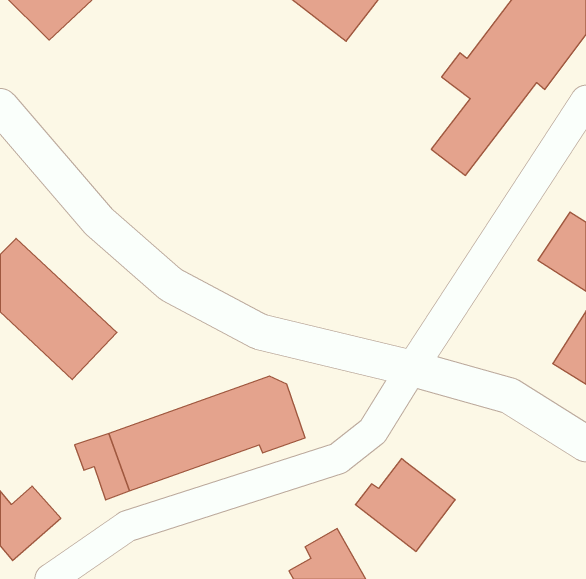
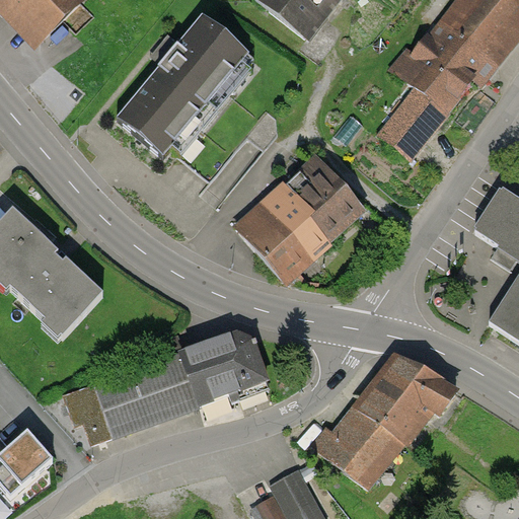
building: none -> [118,14,248,155]
building: none -> [237,158,361,279]
building: none -> [359,359,456,442]

